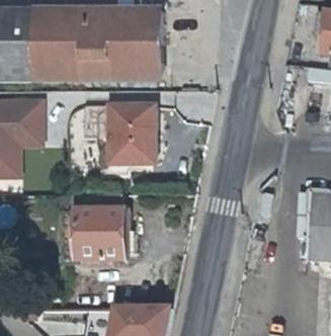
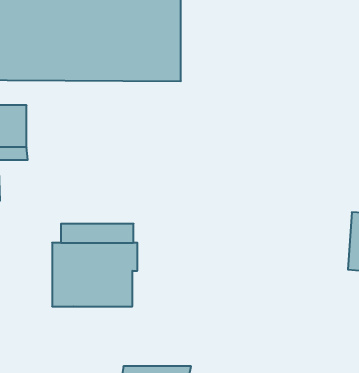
building: [87,105,159,175] -> none

